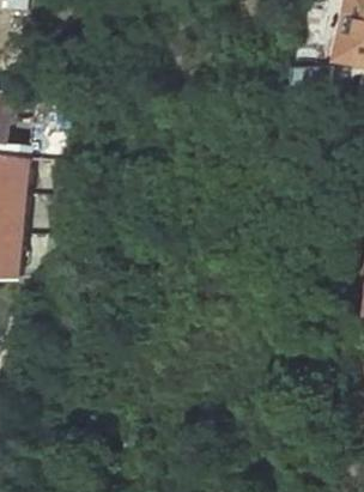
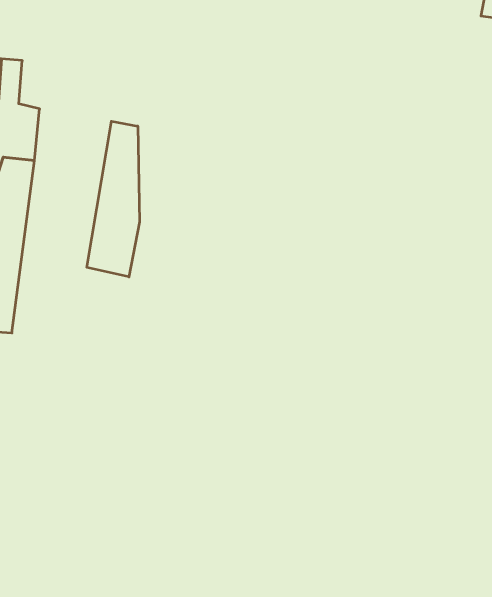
building: none -> [87,121,140,277]

